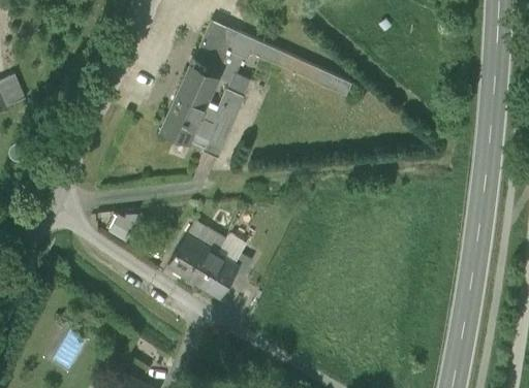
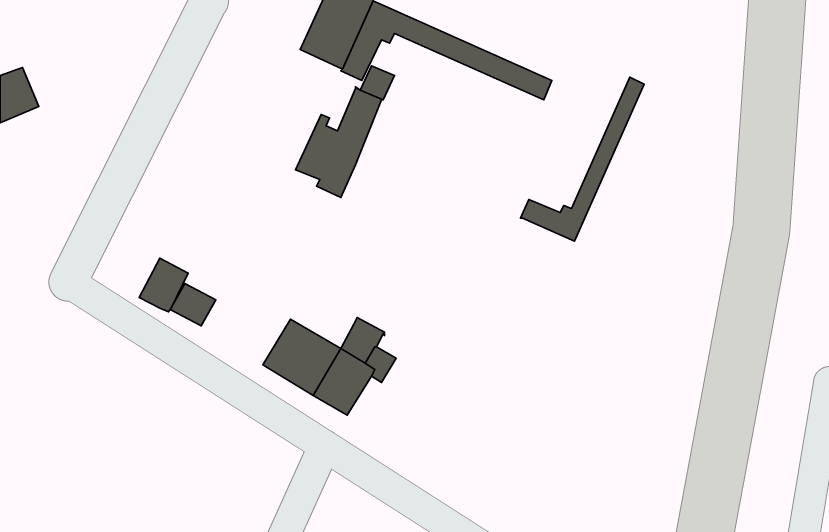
building: [161,64,218,140] -> none
building: none -> [521,77,644,241]
building: none -> [139,258,188,312]
building: [185,221,225,254] -> none

